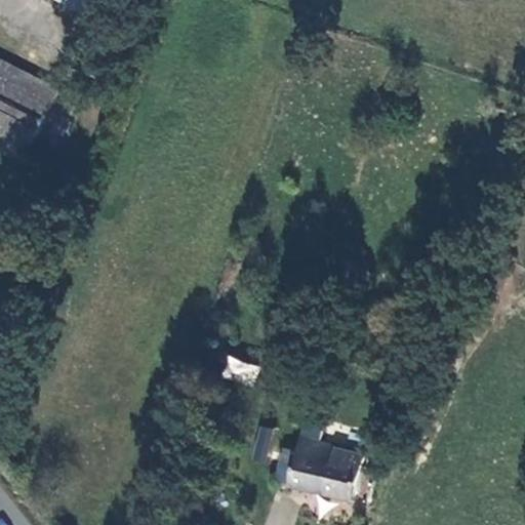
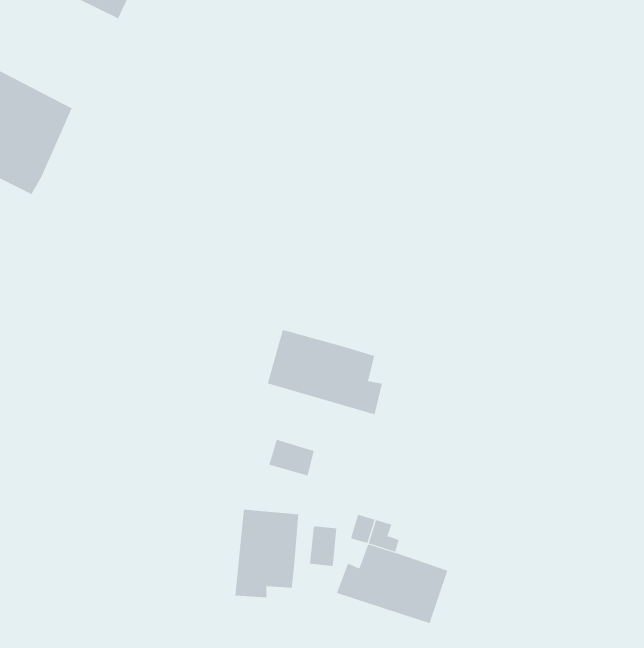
building: none -> [267,329,383,415]
building: none -> [235,509,299,598]

